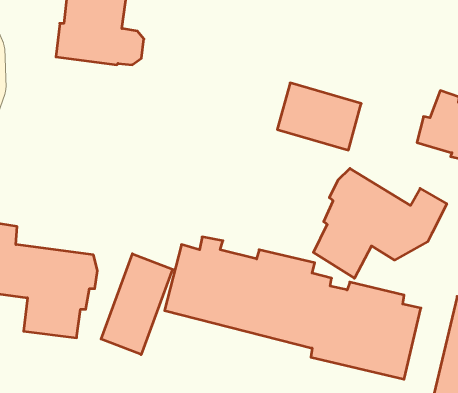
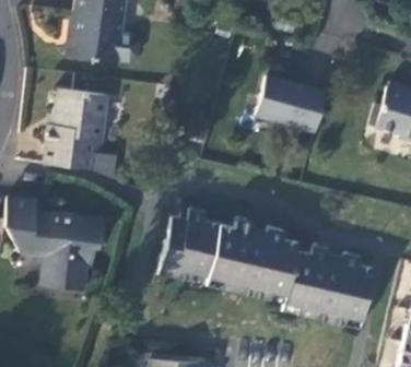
building: none -> [44,90,118,179]
building: [313,168,447,278] -> none
building: [101,254,173,355] -> none

